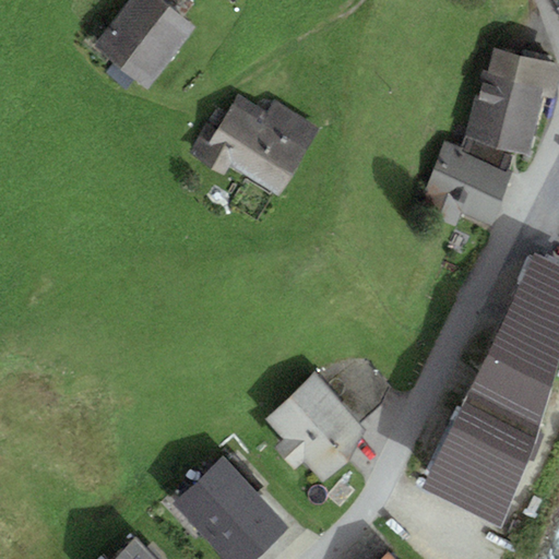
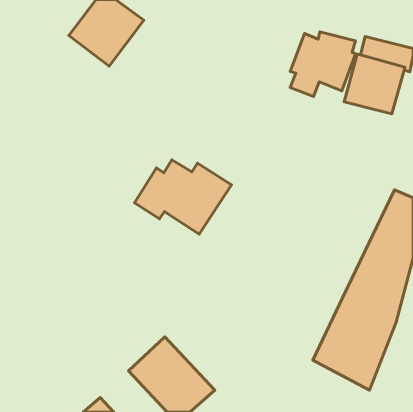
building: [190,94,321,194] -> [135,160,232,234]
building: [425,138,513,225] -> [290,32,355,97]
building: [265,370,368,481] -> none

